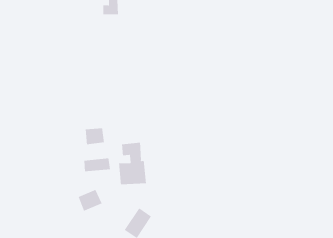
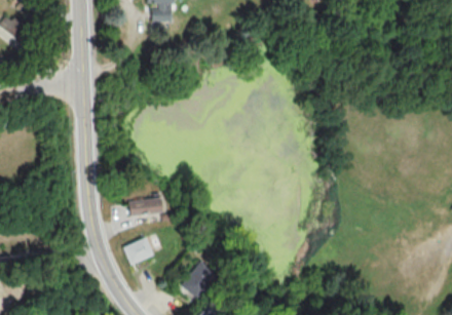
building: [85,128,104,145] -> none
building: [118,142,146,185] -> none

